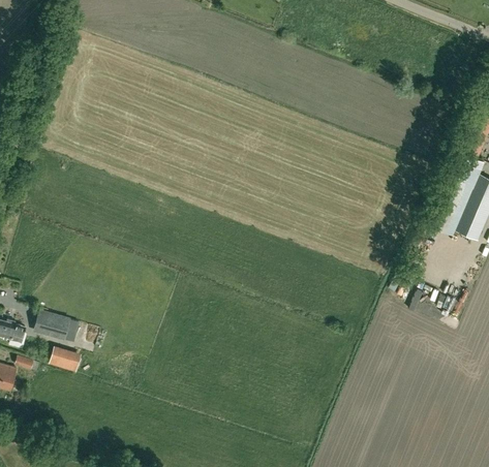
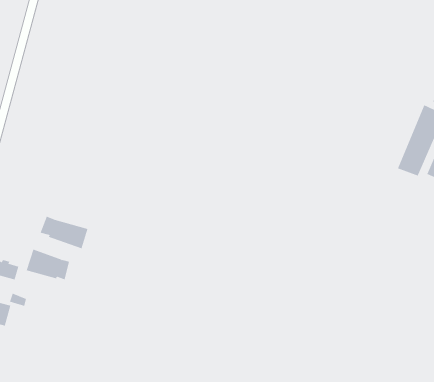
building: none -> [40,216,88,249]
building: [51,348,81,370] -> none

